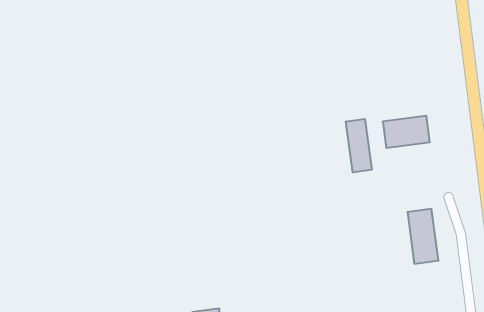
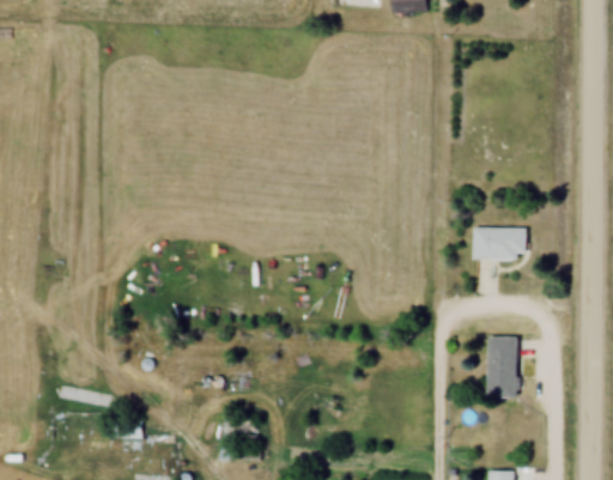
building: [346,119,372,172] -> none

